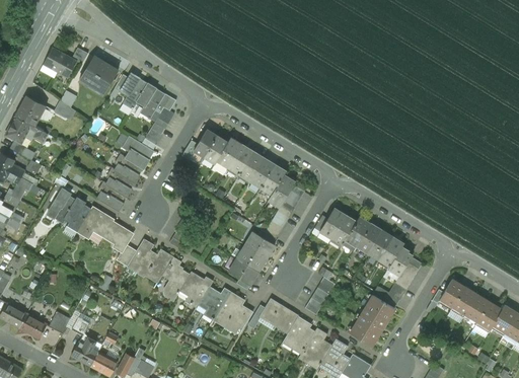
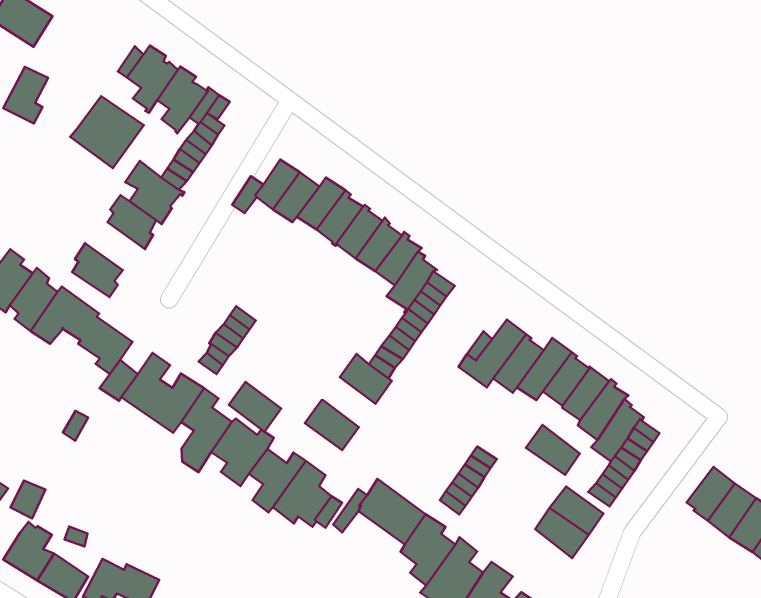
building: [79,57,119,95] -> [70,96,144,168]
building: [106,169,133,197] -> none
building: [238,245,267,272] -> [229,382,281,432]
building: [350,320,379,347] -> [526,425,580,475]

